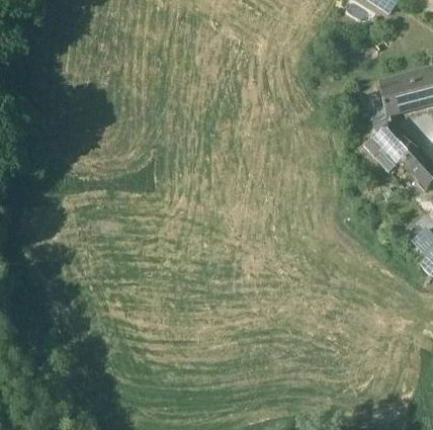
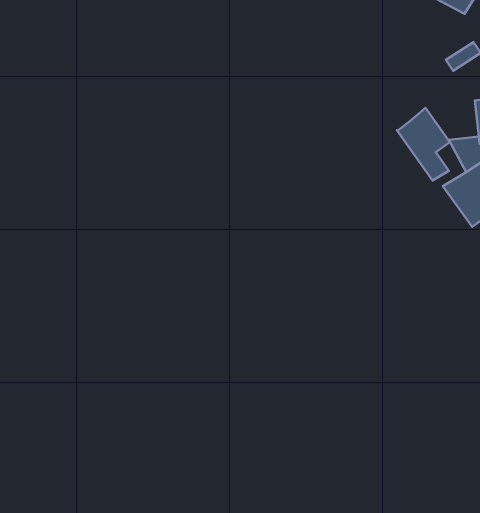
building: none -> [397,108,450,180]

